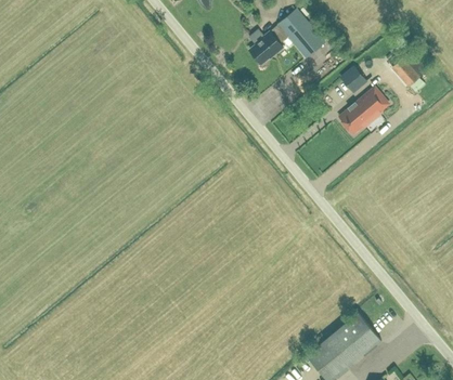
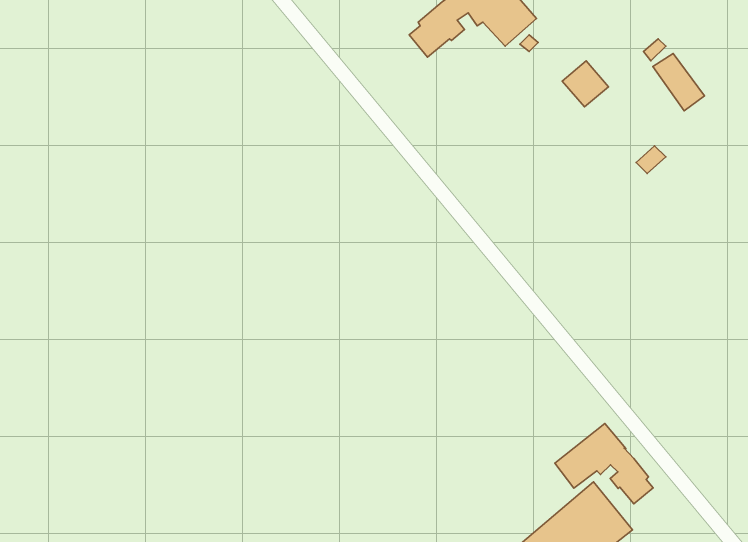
building: [339,88,388,133] -> none
building: none -> [555,423,653,504]

